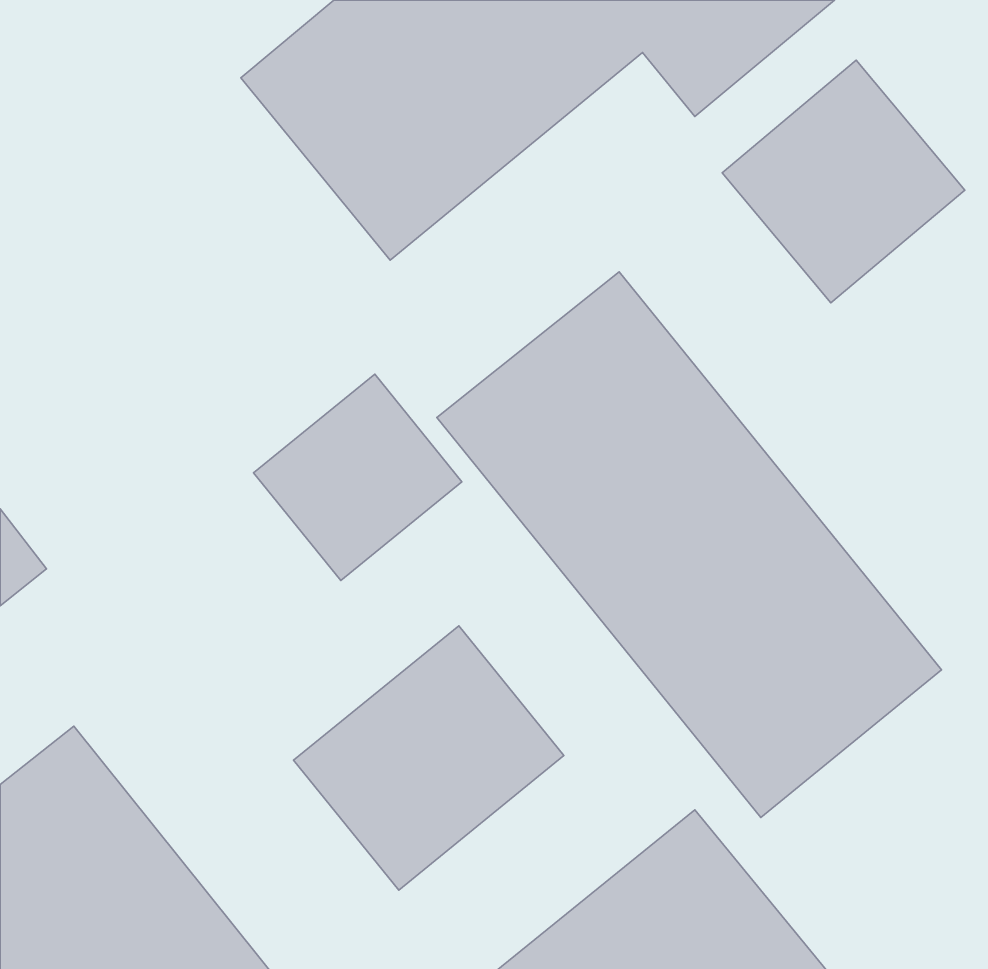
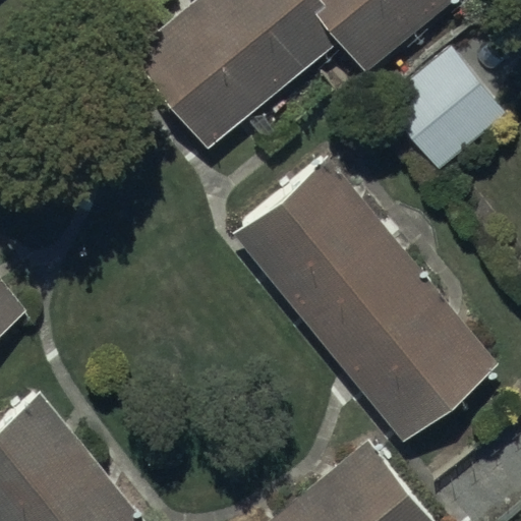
building: [254,374,462,580] -> none
building: [294,626,564,890] -> none

